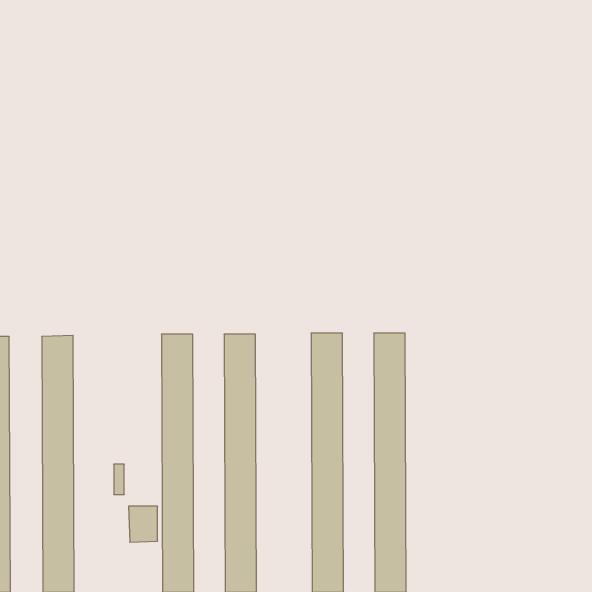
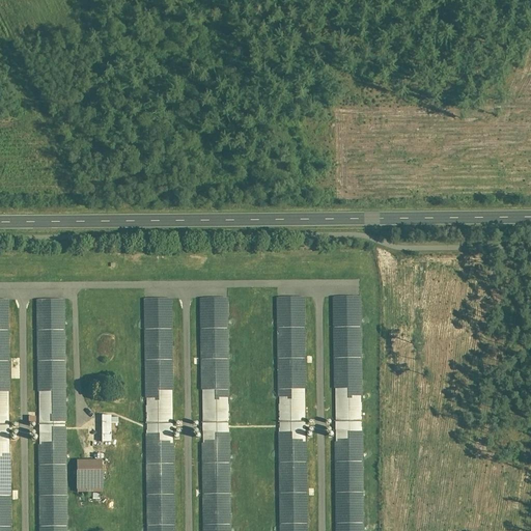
building: [129,506,158,542] -> [76,460,102,493]

